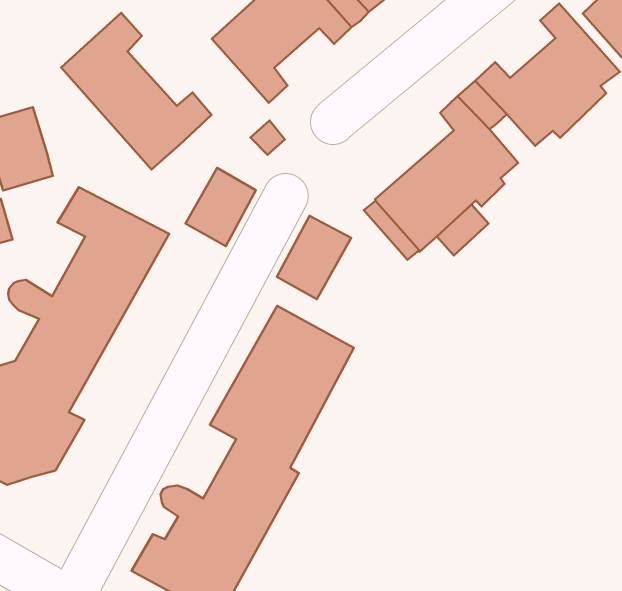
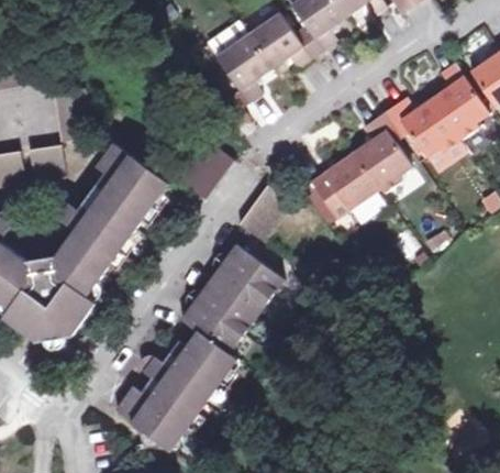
building: [61,13,212,169] -> none

